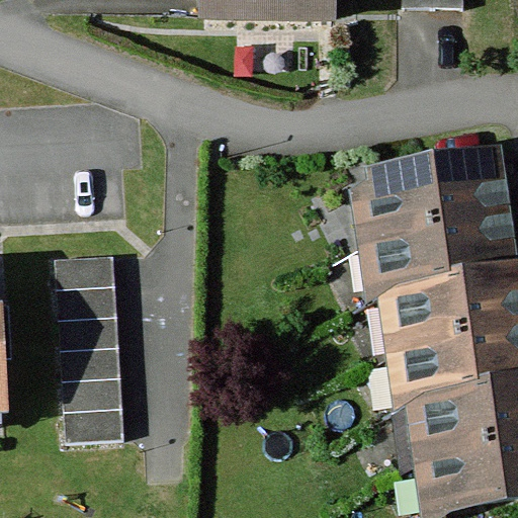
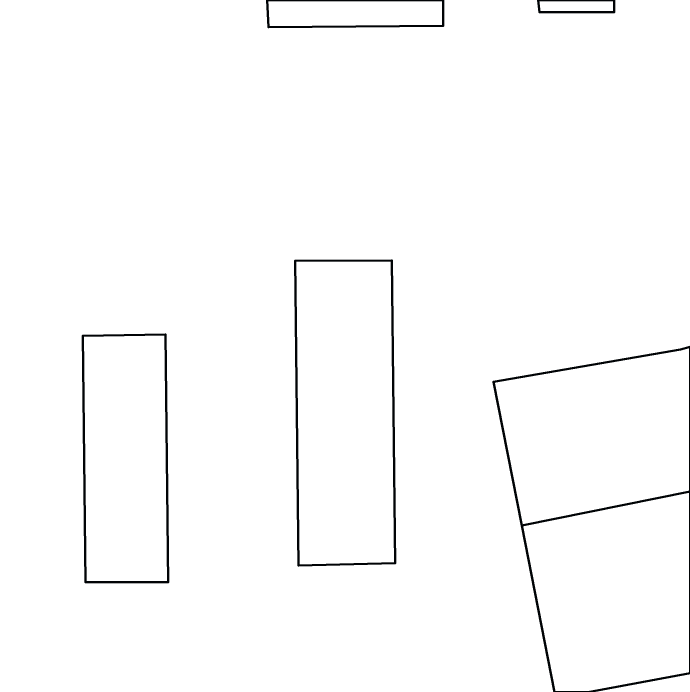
building: [346,147,508,285] -> none
building: none -> [295,260,395,565]

